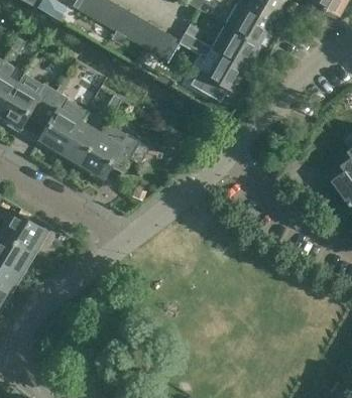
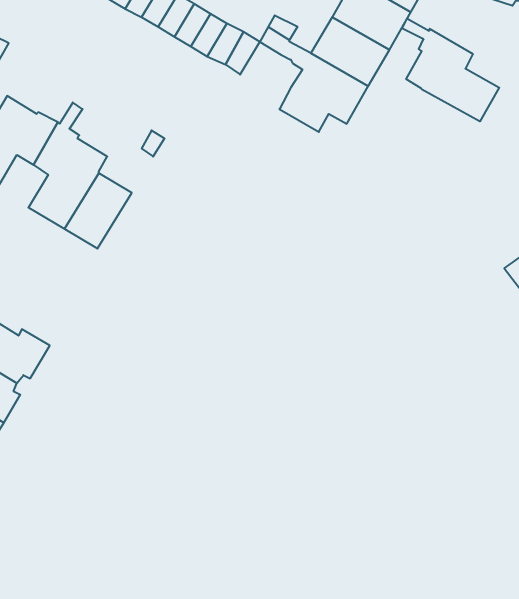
building: none -> [402,19,499,121]
building: [81,125,143,181] -> none

